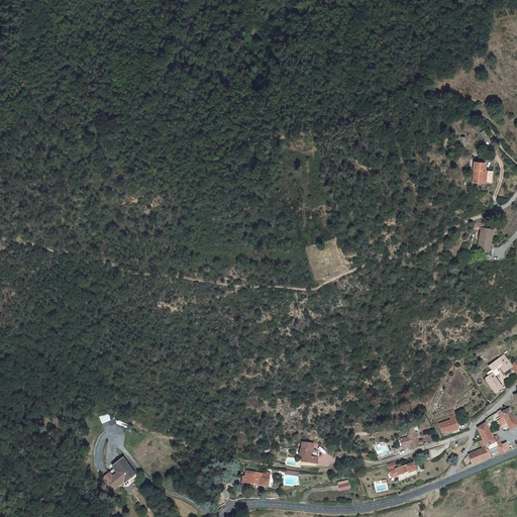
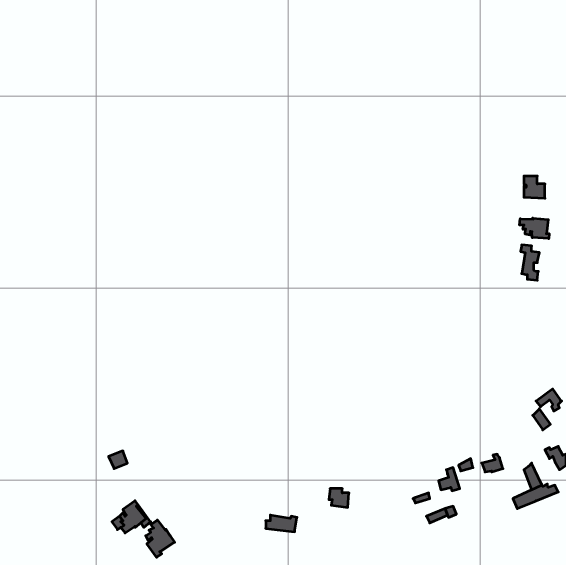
building: none -> [520,218,549,239]
building: none -> [146,520,175,557]

